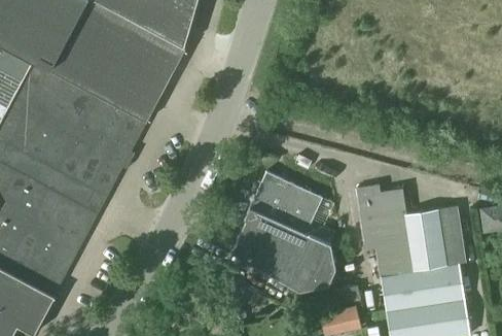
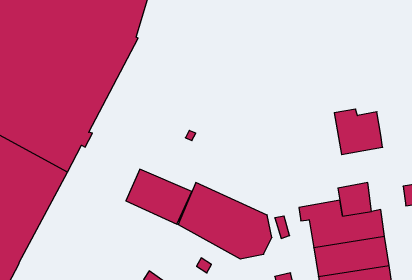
building: [250,172,323,233] -> [126,169,192,224]
building: [356,184,409,235] -> [334,109,383,155]
building: [440,205,462,239] -> none

